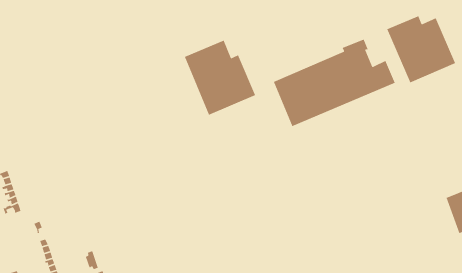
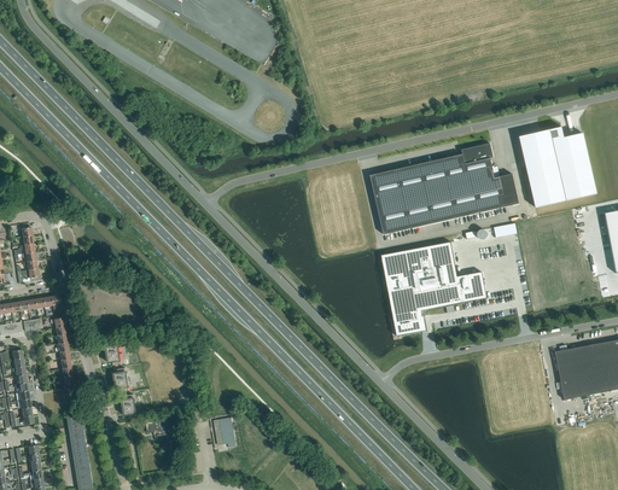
building: [184,40,256,116] -> none
building: none -> [381,241,486,336]

